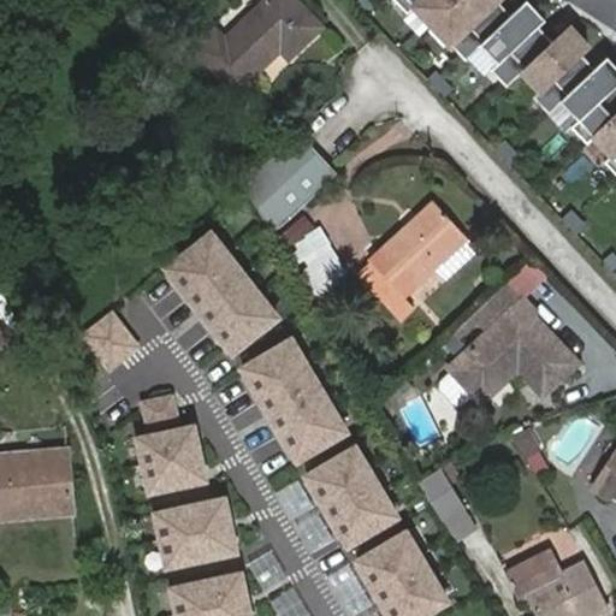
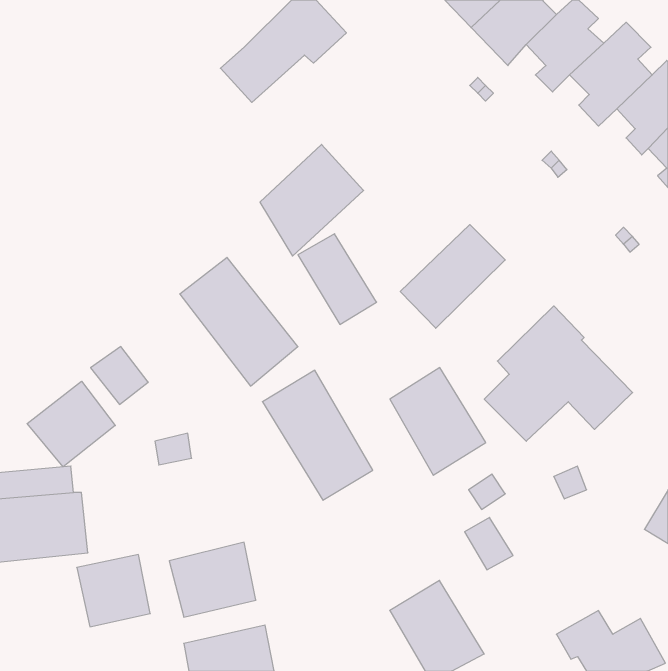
building: none -> [27,381,115,467]
building: [136,424,203,490] -> [77,555,150,627]
building: [306,446,393,545] -> [390,368,486,475]

